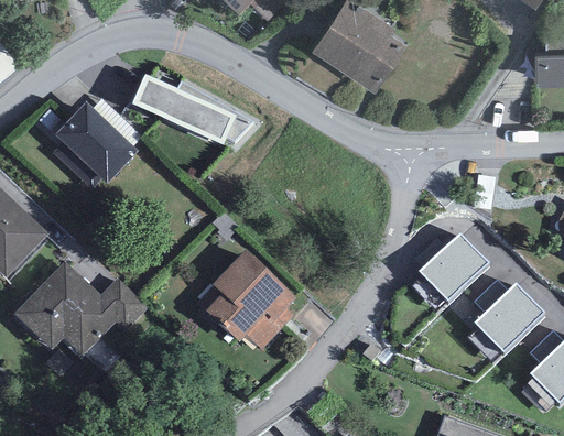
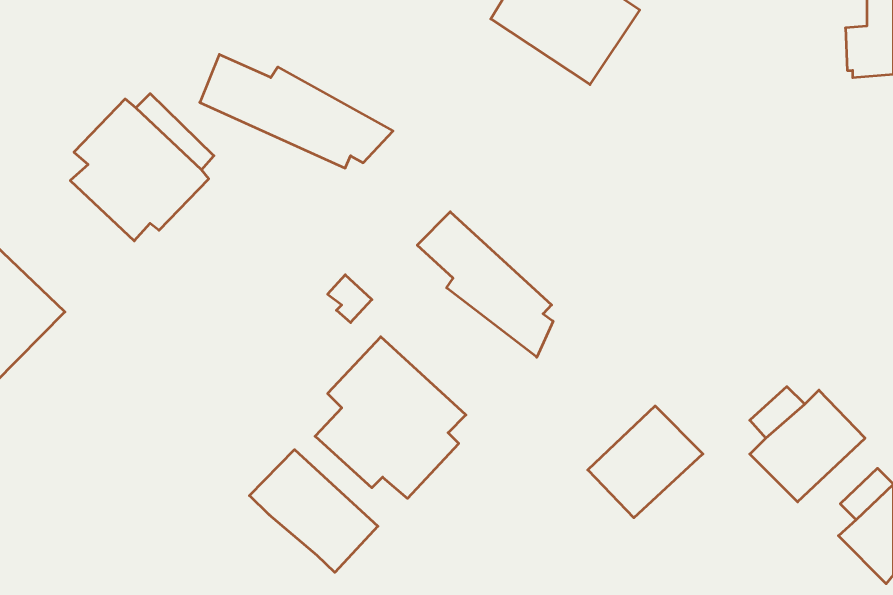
building: none -> [417,212,553,357]
building: [419,231,490,301] -> [588,406,703,518]
building: [14,262,148,357] -> none
building: none -> [249,450,378,572]

